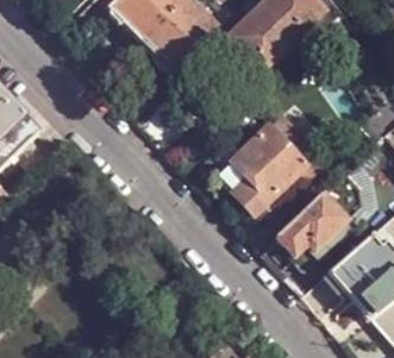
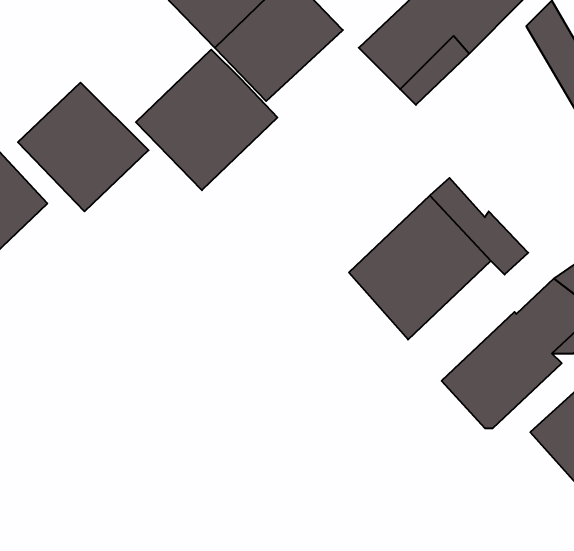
building: none -> [136,50,277,190]
building: none -> [18,83,149,211]

